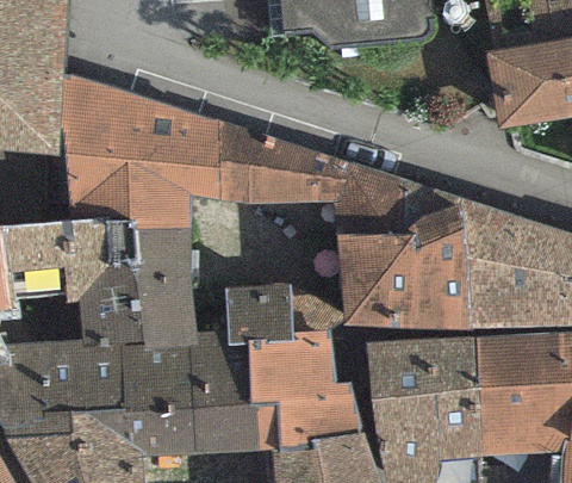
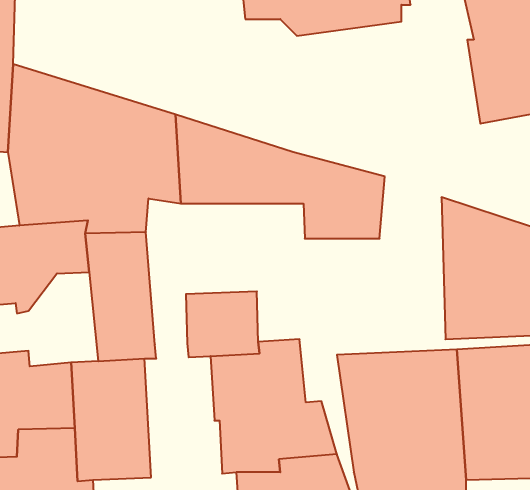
building: [334,178,464,328] -> none
building: [79,266,143,353] -> none
building: [186,332,257,456] -> none

